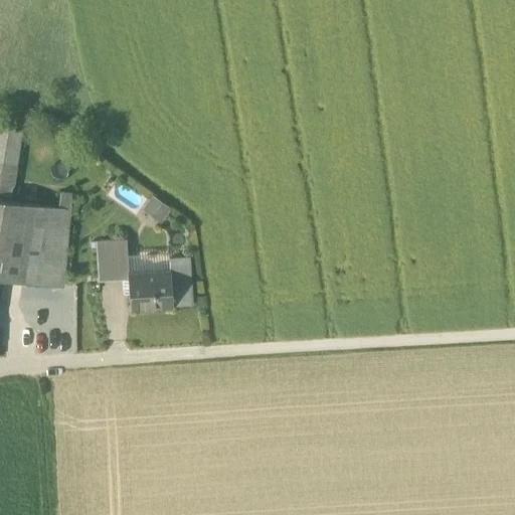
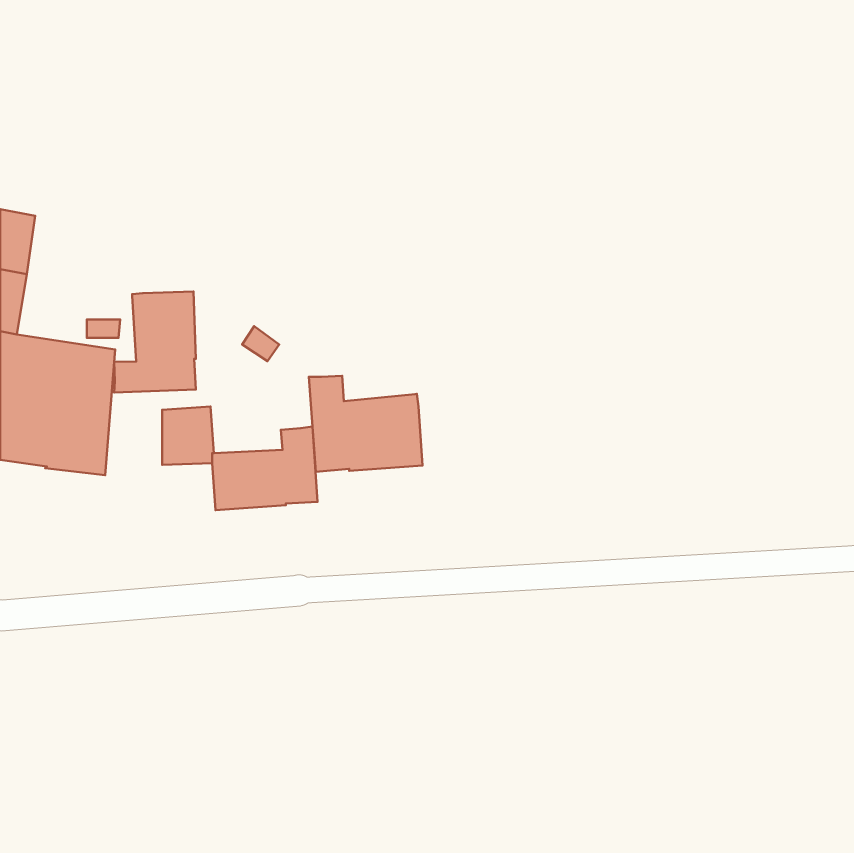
building: none -> [114,292,196,392]
building: none -> [309,376,423,472]

